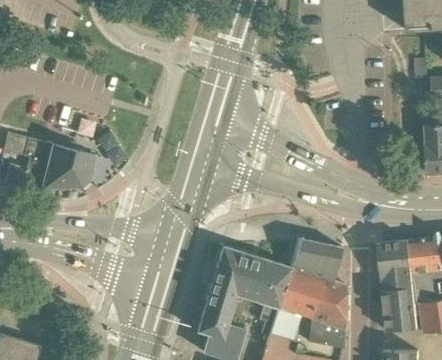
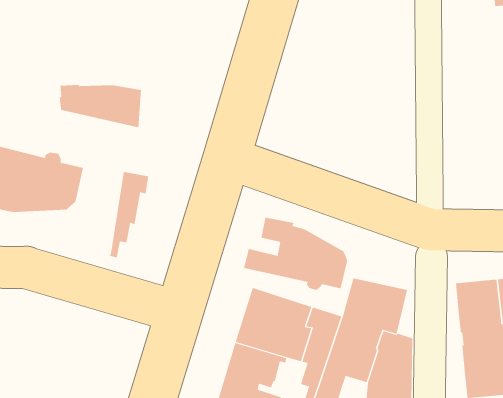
building: none -> [59,84,142,128]
building: none -> [110,171,149,258]
building: none -> [243,217,348,291]

